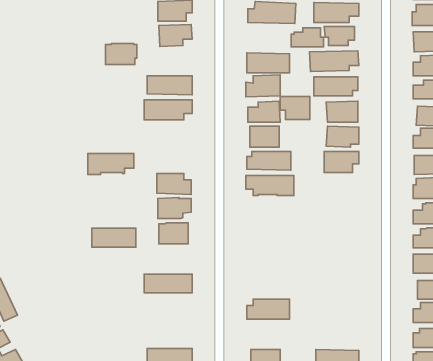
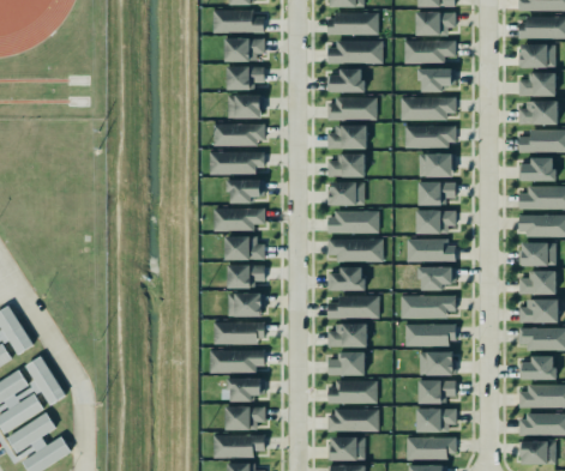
building: [291,28,324,47] -> [326,68,363,90]
building: [105,43,137,64] -> [227,93,263,117]
building: [280,96,310,119] -> none
building: none -> [226,179,264,203]
building: [88,153,134,174] -> [211,207,264,231]
building: none -> [405,238,455,261]
building: none -> [417,266,455,290]
building: none -> [331,270,365,291]
building: none -> [399,295,455,319]
building: none -> [327,296,380,319]
building: [92,228,136,247] -> [215,322,265,344]
building: none -> [405,325,456,345]
building: none -> [327,326,367,348]
building: none -> [419,350,456,374]
building: none -> [329,352,366,376]
building: none -> [226,378,264,400]
building: none -> [417,380,455,403]
building: none -> [226,407,265,430]
building: none -> [416,407,455,431]
building: none -> [327,411,379,433]

